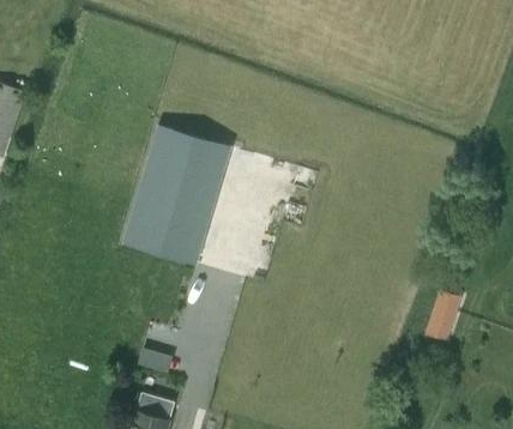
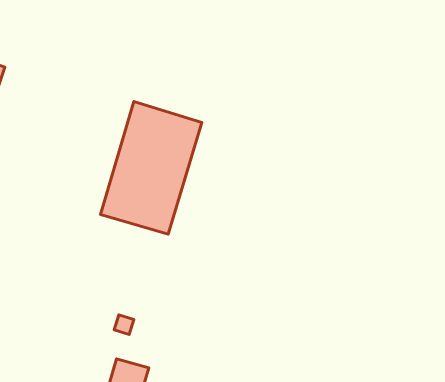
building: [426,290,463,340] -> none

